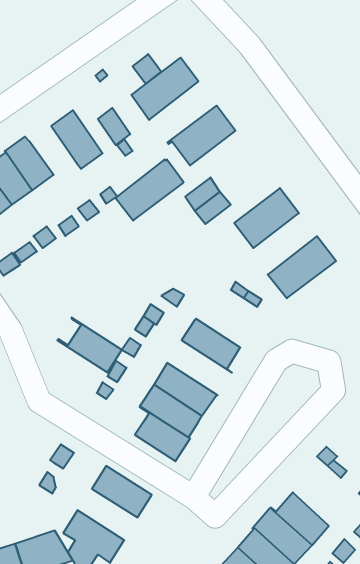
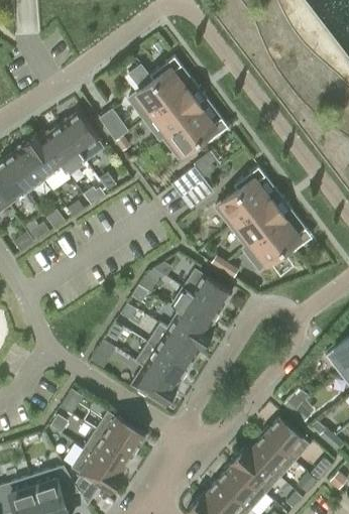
building: none -> [42,125,83,170]
building: [115,159,184,221] -> [143,88,201,139]
building: none -> [231,198,285,250]
building: none -> [183,268,232,311]
building: [57,317,122,373] -> [158,305,213,352]
building: none -> [264,417,310,462]
building: none -> [83,430,133,474]

